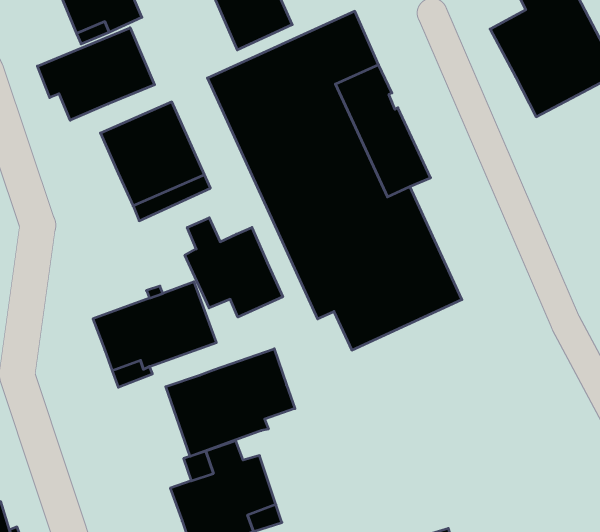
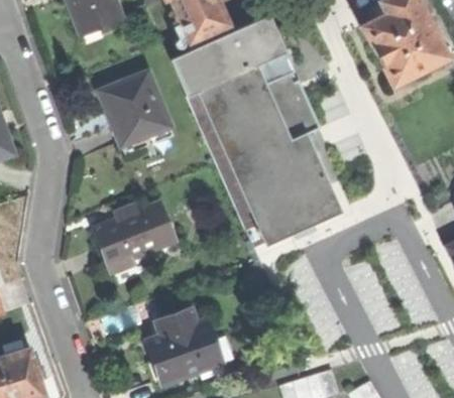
building: [37,28,155,120] -> none
building: [185,218,283,317] -> none
building: [166,349,295,456] -> none

